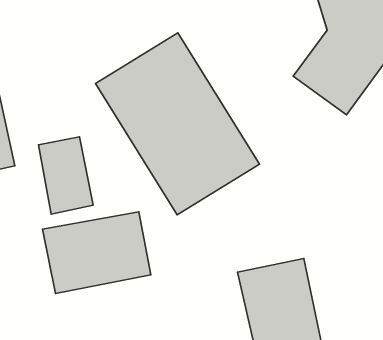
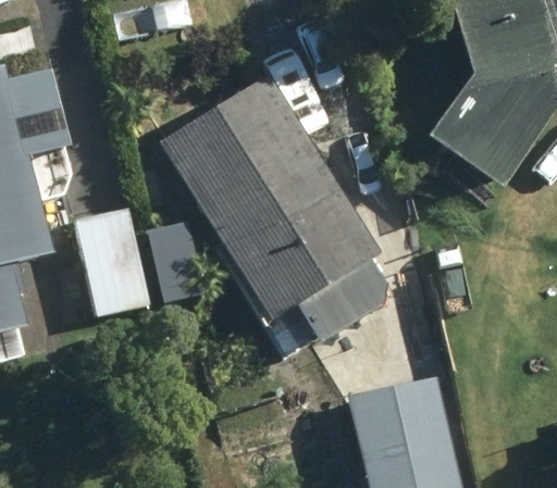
building: [43,212,151,293] -> none

